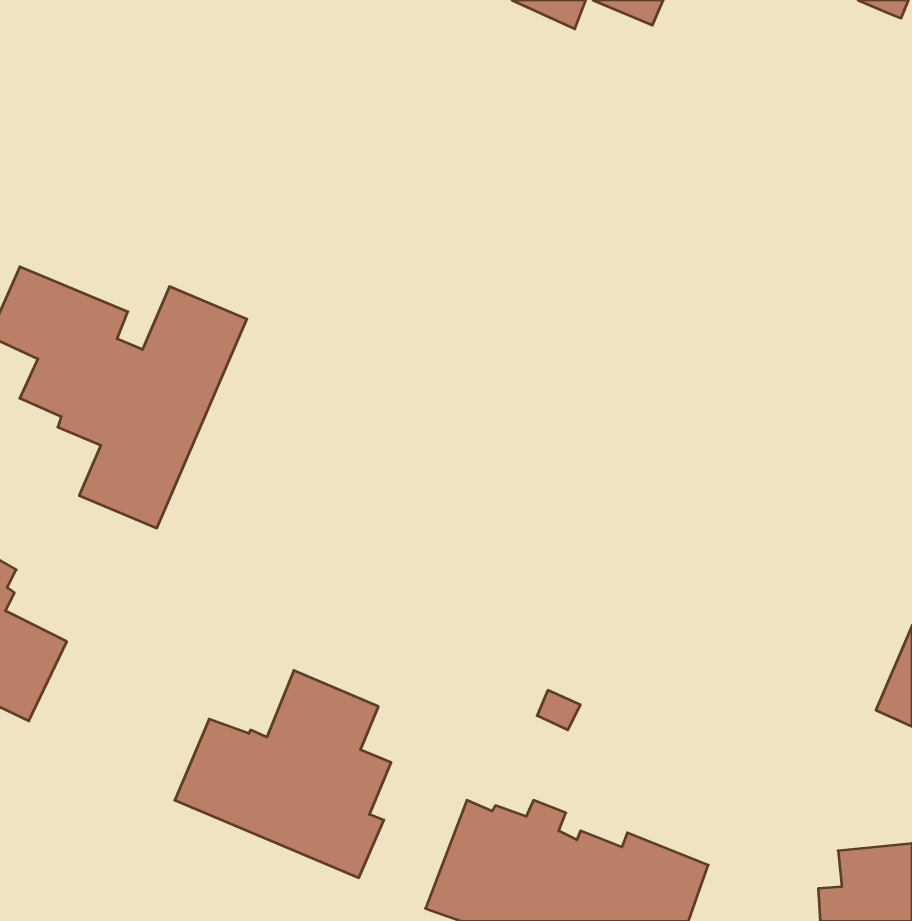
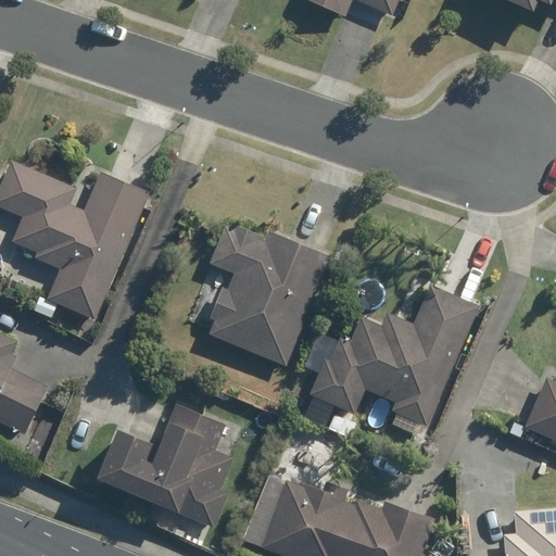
building: none -> [202,225,323,366]
building: none -> [312,286,481,424]

